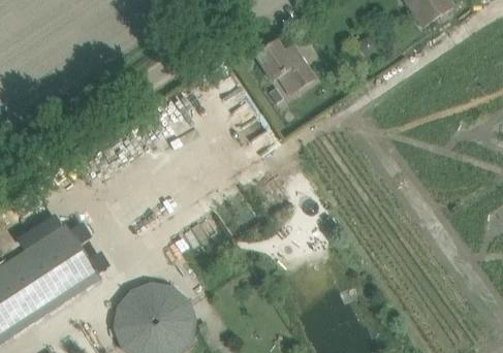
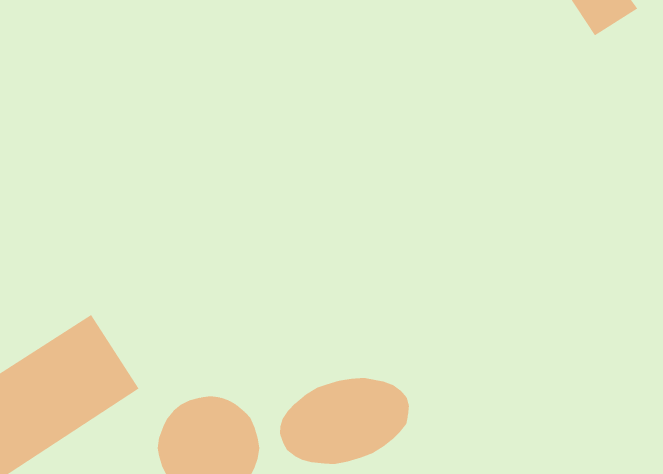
building: [256,41,316,96] -> none
building: none -> [280,377,409,465]

